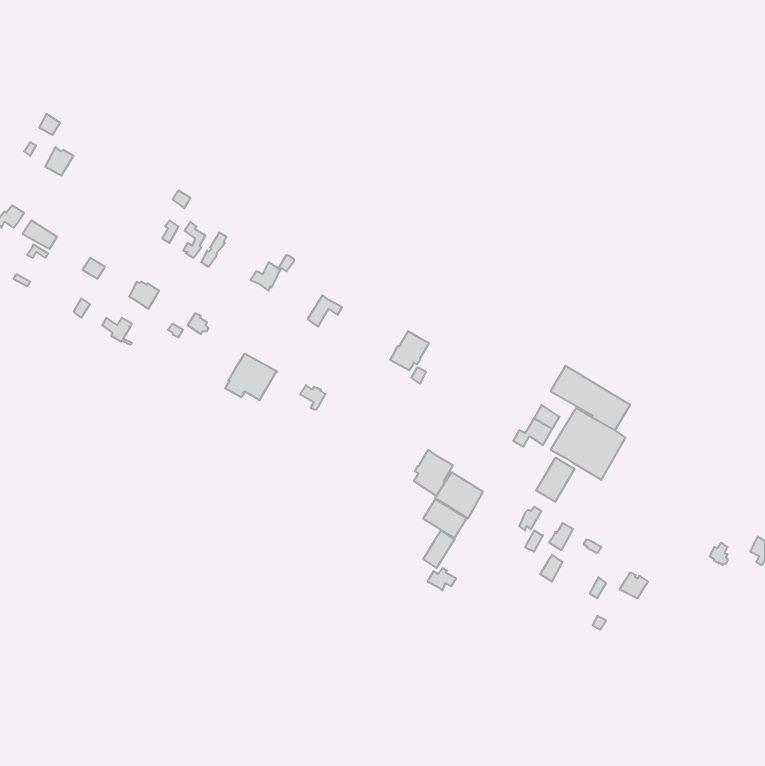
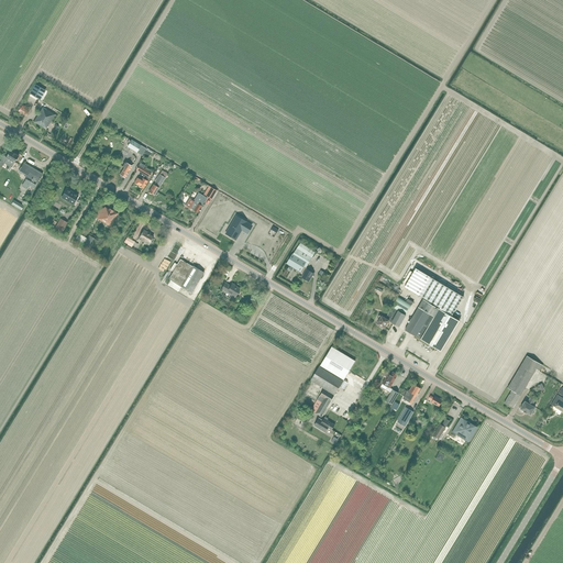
building: [414,450,453,496] -> none
building: [536,458,575,502] -> none
building: none -> [503,355,542,409]

